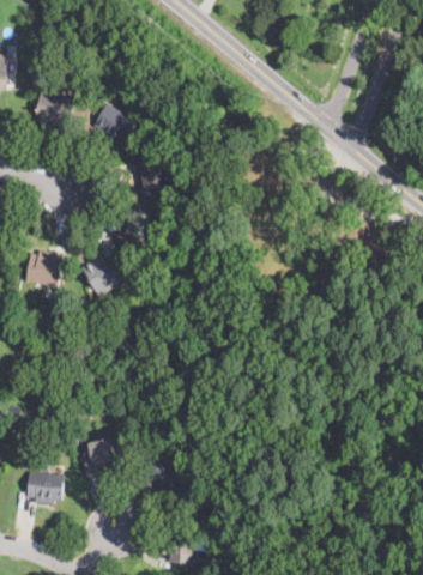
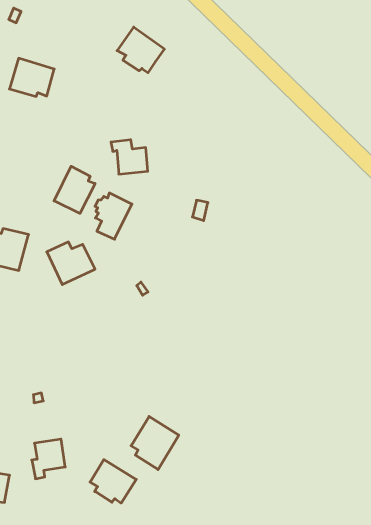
building: [92,104,135,145] -> [117,27,164,73]
building: none -> [54,166,95,213]
building: none -> [131,416,179,470]

